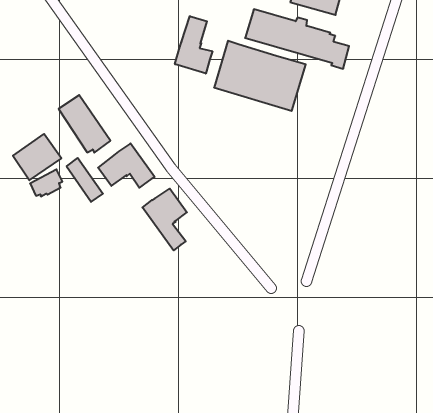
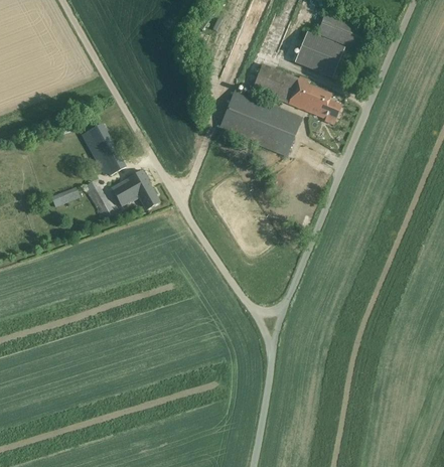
building: [175,16,212,74] -> none
building: [13,134,61,180] -> none
building: [142,189,187,250] -> none

